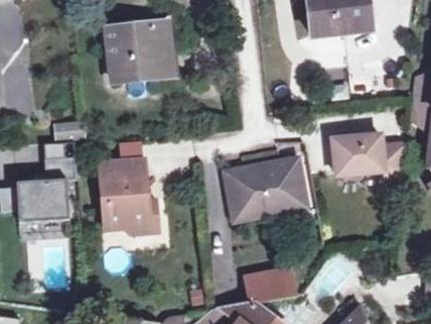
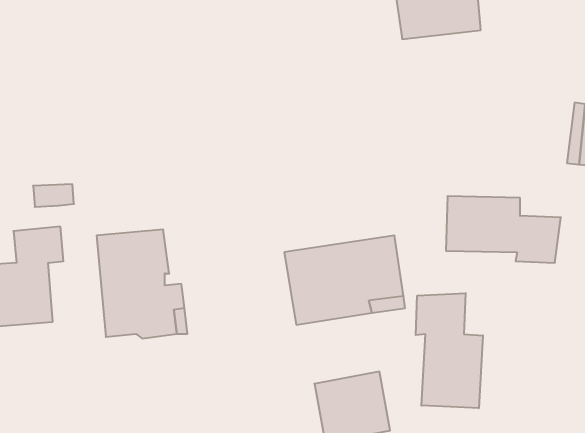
building: [106,28,174,83] -> none
building: none -> [416,293,483,408]

